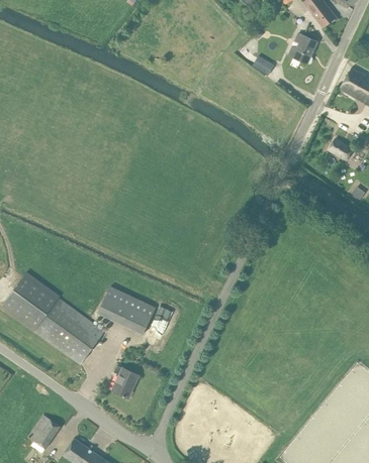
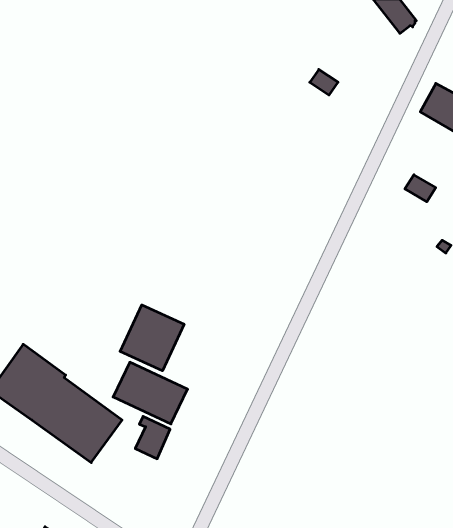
building: [288,32,317,64] -> none
building: none -> [120,305,184,371]
building: [111,365,139,398] -> [135,416,170,459]

